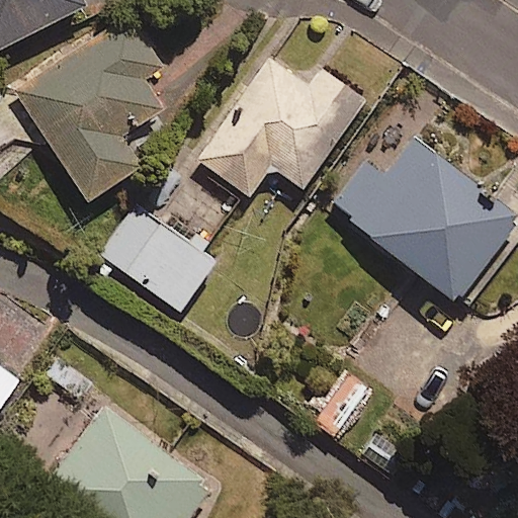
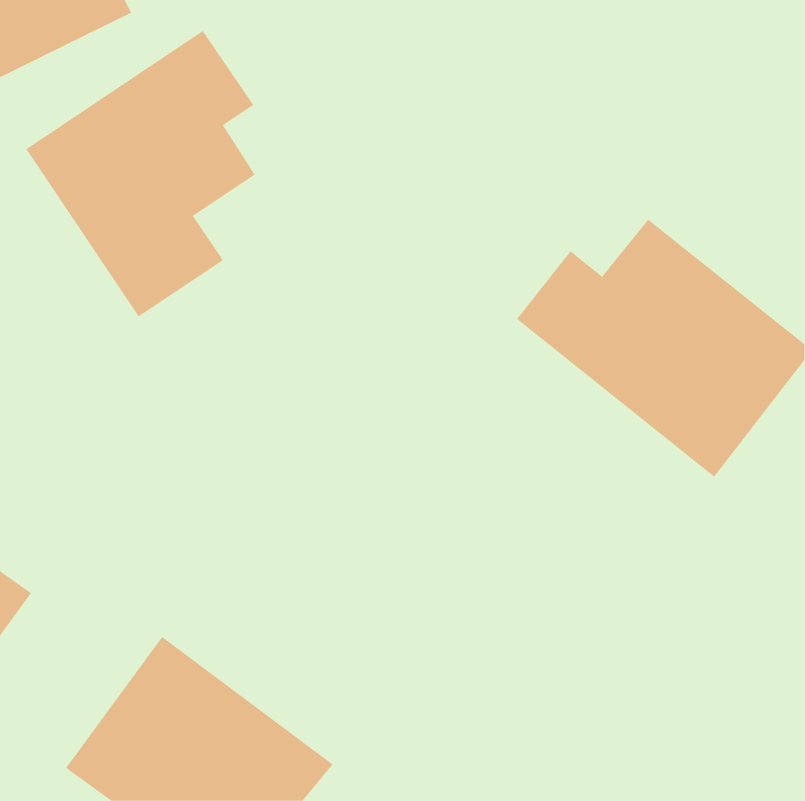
building: [195,53,363,195] -> none
building: [104,208,214,311] -> none

